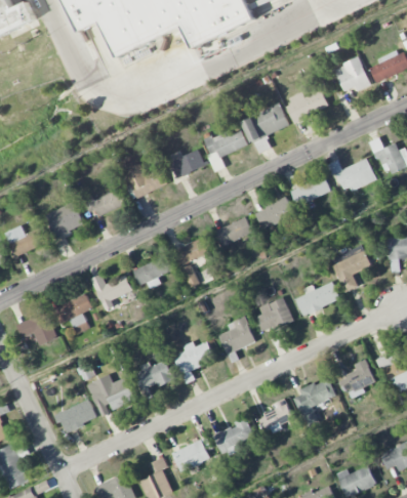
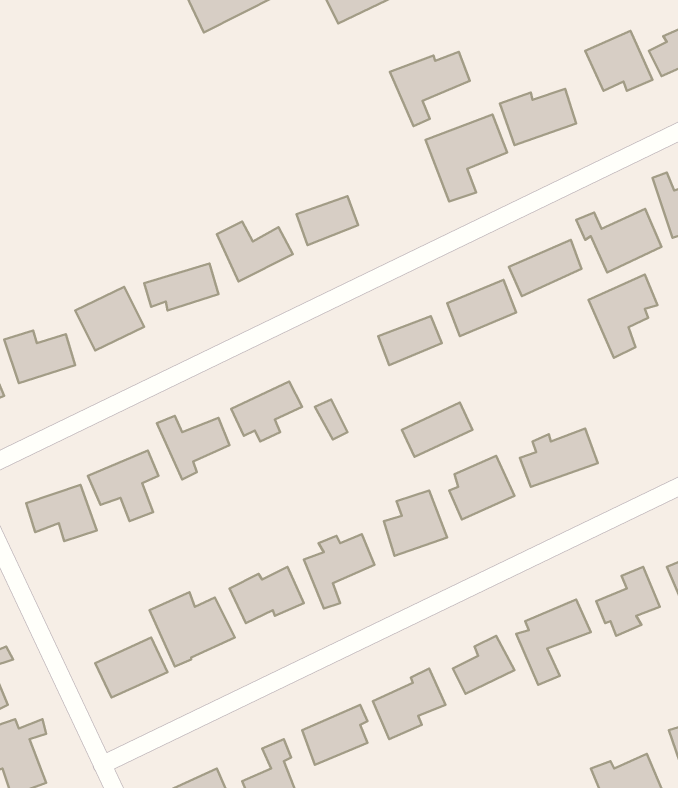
building: [202,129,247,171] -> [390,52,470,126]
building: [172,236,212,266] -> [402,402,472,457]
building: [329,245,368,292] -> [588,274,657,358]

